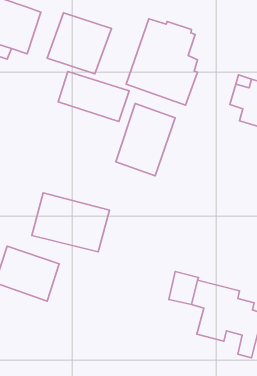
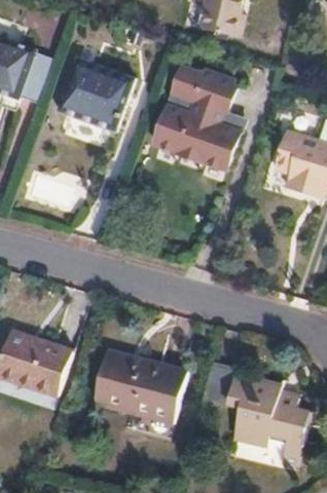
building: [58,72,129,122] -> none
building: [116,104,175,176] -> none
building: [32,193,109,252] -> [95,351,186,421]

